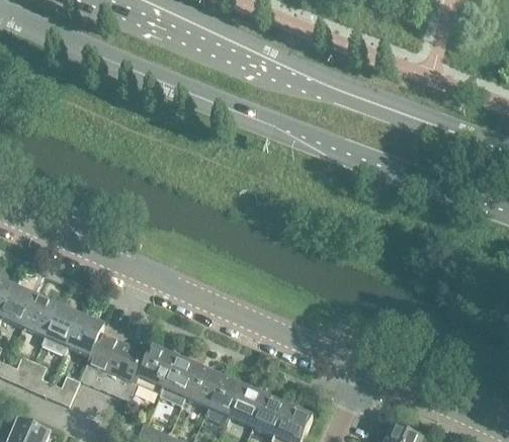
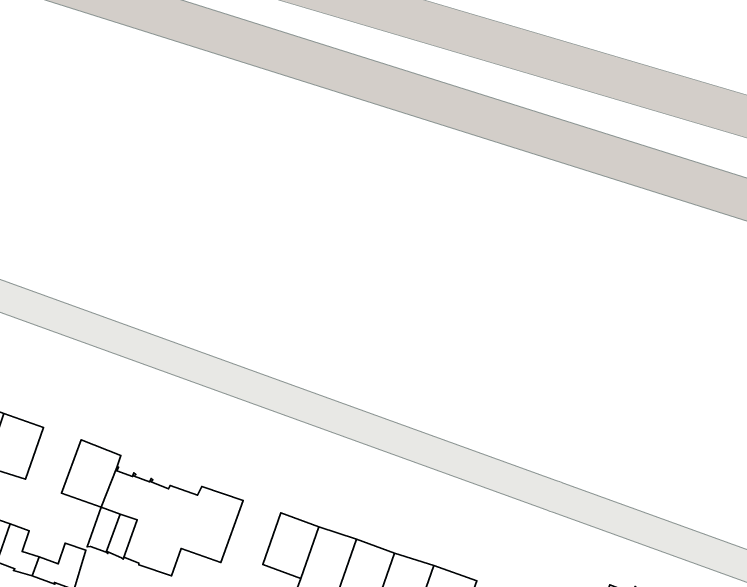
building: [40,302,80,352] -> none
building: [158,355,197,404] -> none

